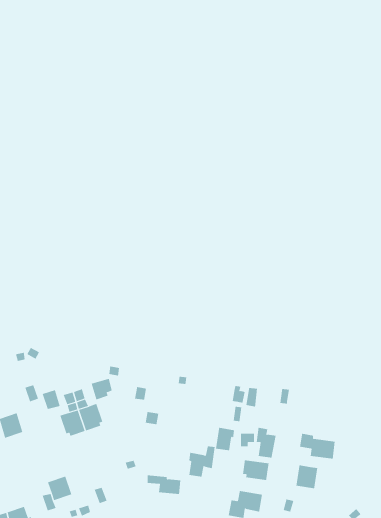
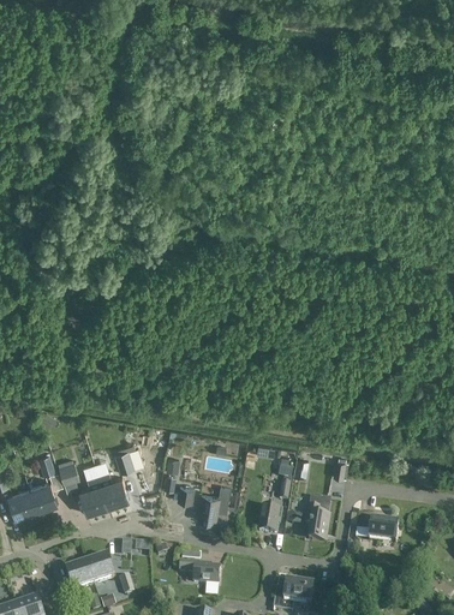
building: none -> [29,480,58,510]
building: [189,446,216,477] -> [198,486,229,523]
building: [243,459,269,481] -> none
building: [296,465,318,489] -> none
building: none -> [85,554,114,583]

